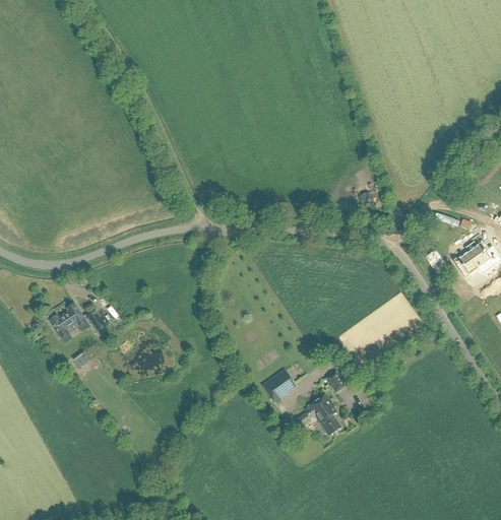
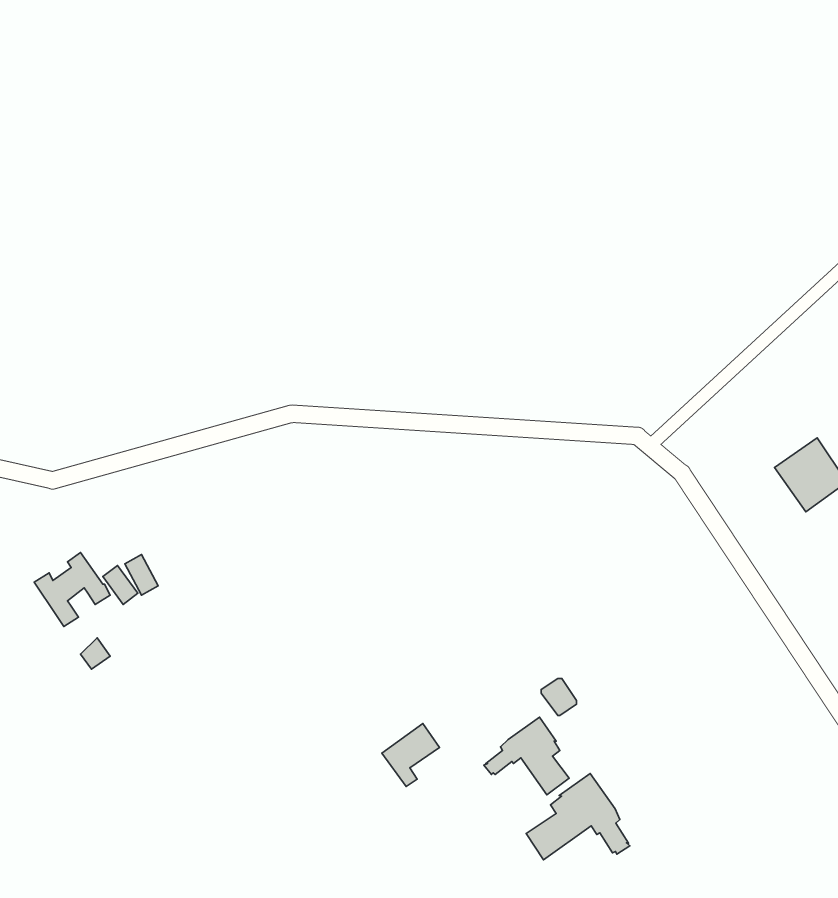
building: [262,370,294,404] -> [382,724,439,786]
building: none -> [526,773,630,860]

